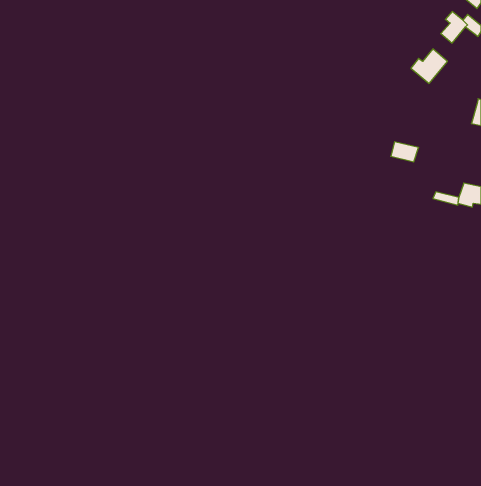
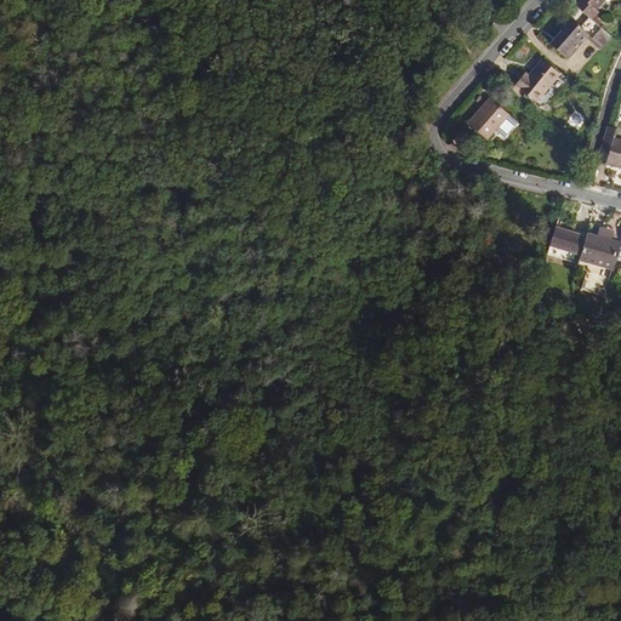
building: none -> [465,101,505,138]
building: [391,142,419,162] -> [551,224,586,250]

